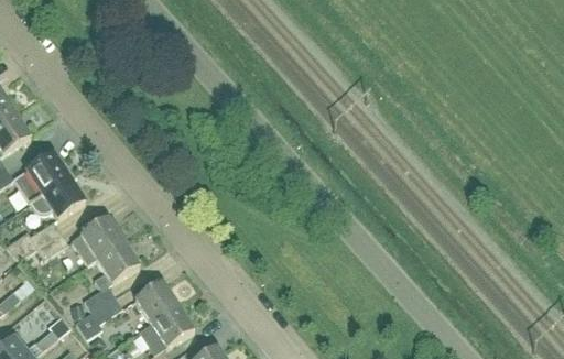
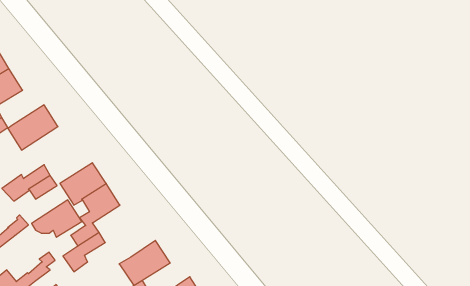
building: [29,176,85,218] -> [32,200,82,237]
building: [135,280,178,323] -> none

